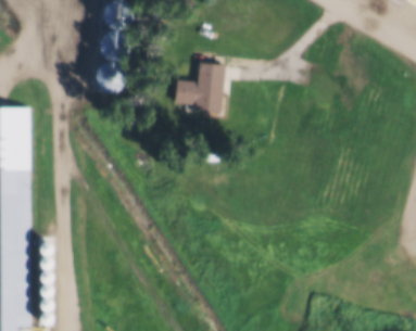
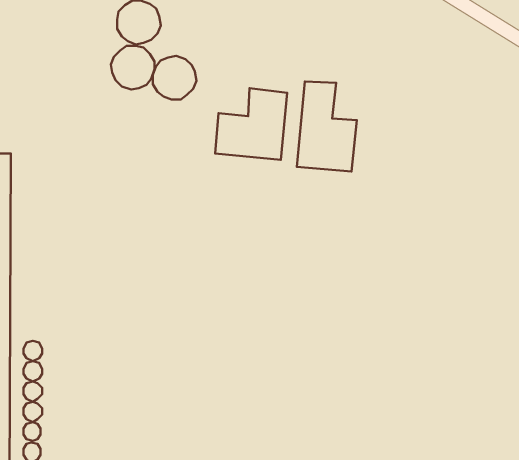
building: none -> [297,82,357,172]
building: [98,63,128,93] -> [153,56,196,100]

